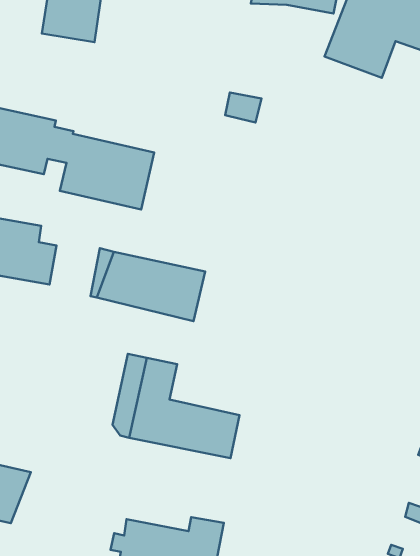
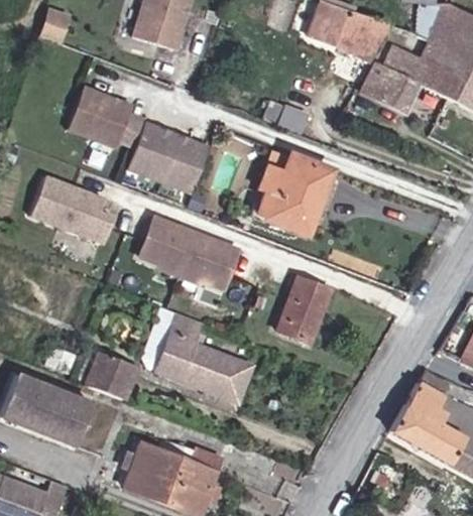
building: none -> [256,159,329,236]
building: none -> [276,282,330,346]
building: none -> [87,354,135,399]
building: none -> [44,393,90,443]

